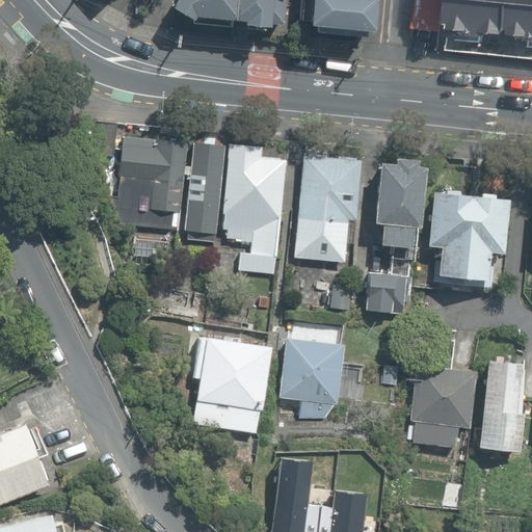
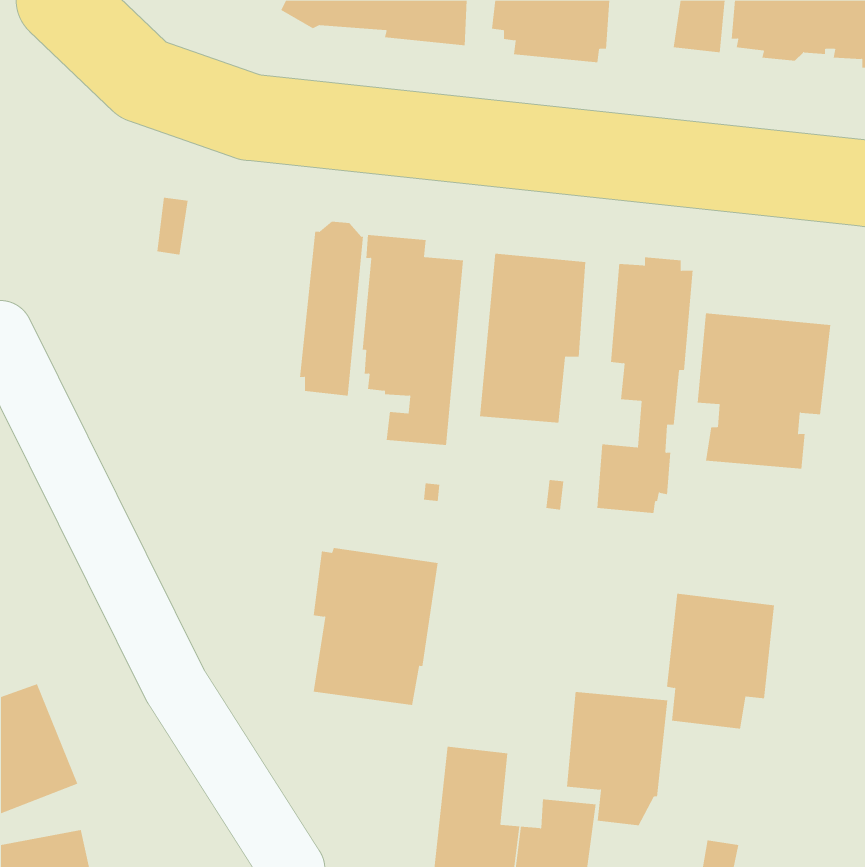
building: [109,136,188,232] -> none
building: [282,340,344,422] -> [566,692,668,826]
building: [480,360,526,451] -> none

